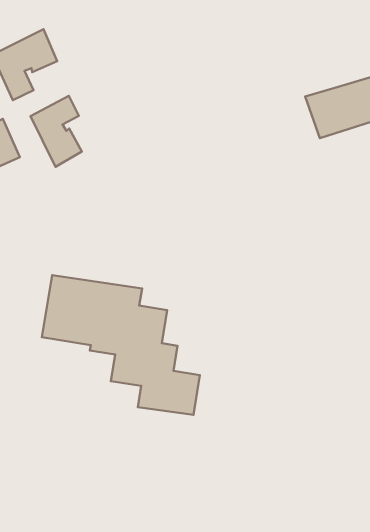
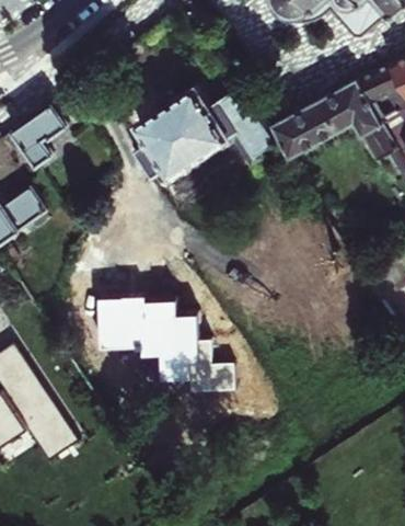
building: none -> [137,87,275,179]
building: [30,96,82,167] -> none

